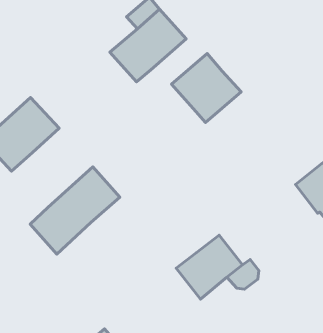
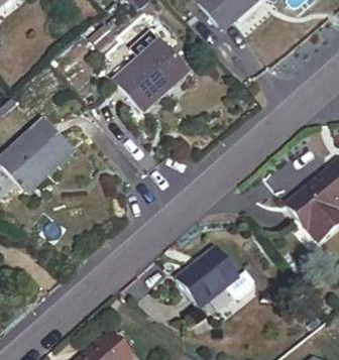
building: [172,53,241,122] -> none
building: [30,167,120,254] -> none

